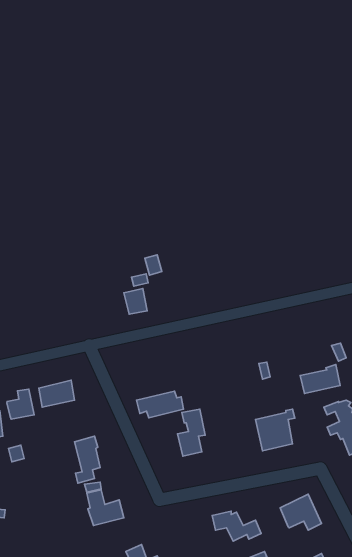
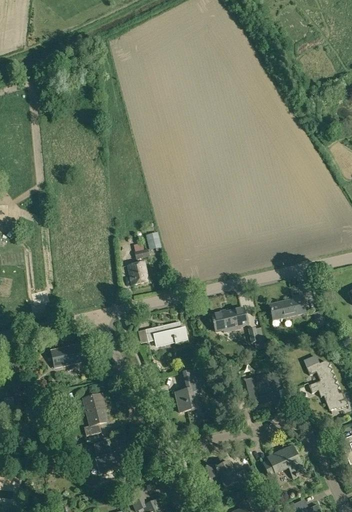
building: none -> [211,308,248,332]
building: [300,364,340,393] -> [269,294,305,320]
building: [7,389,34,419] -> none
building: [137,391,184,418] -> [145,321,187,345]

